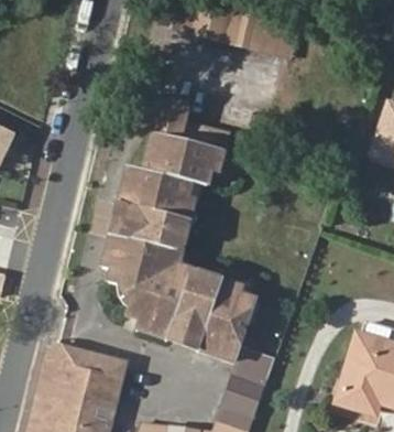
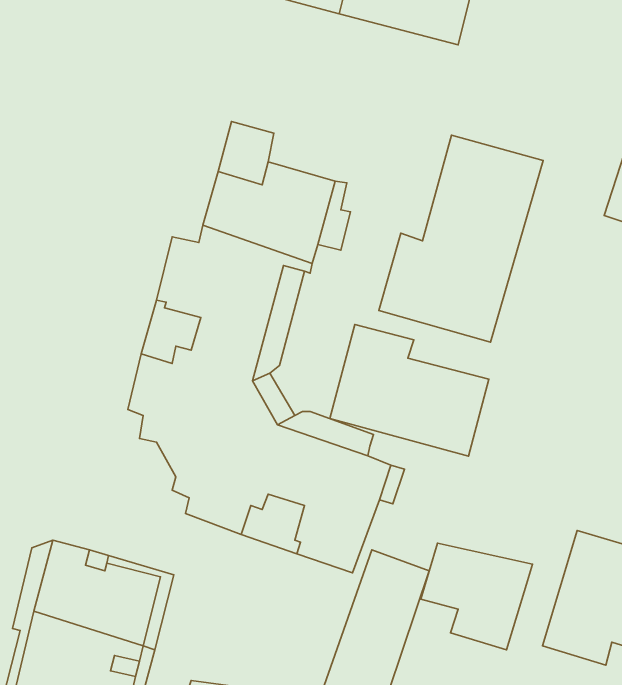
building: none -> [379,135,543,342]
building: none -> [330,324,489,456]
building: none -> [421,543,532,650]

